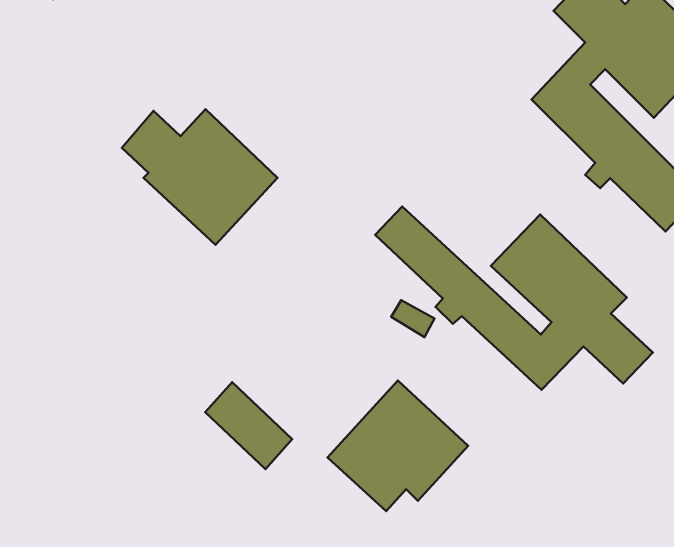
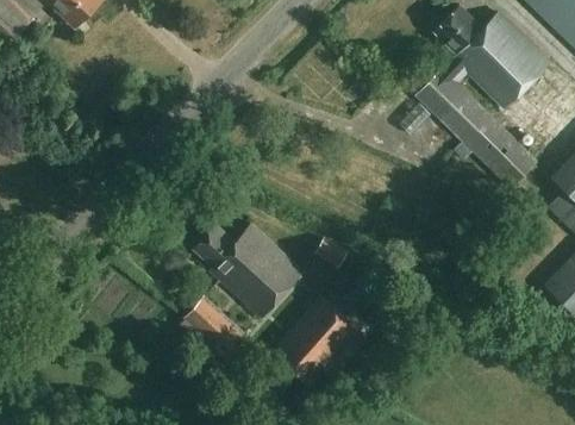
building: [122,109,277,245] -> [193,225,304,321]
building: [375,206,653,390] -> none

